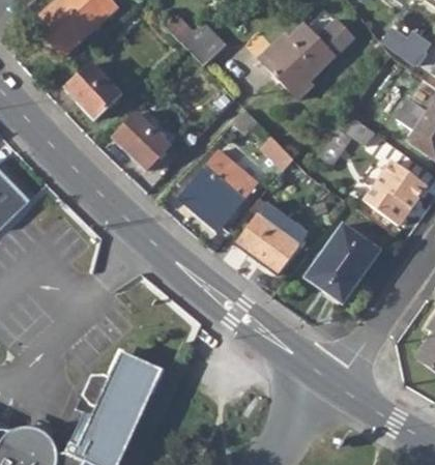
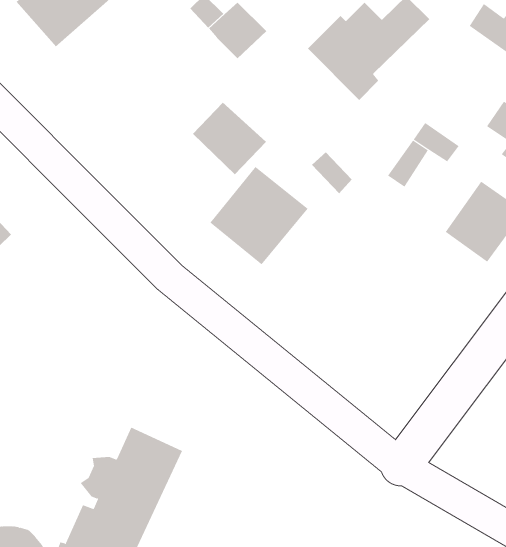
building: [65,62,121,119] -> none
building: [113,113,171,170] -> [192,102,267,175]
building: [235,203,307,274] -> none
building: [302,223,379,302] -> none

